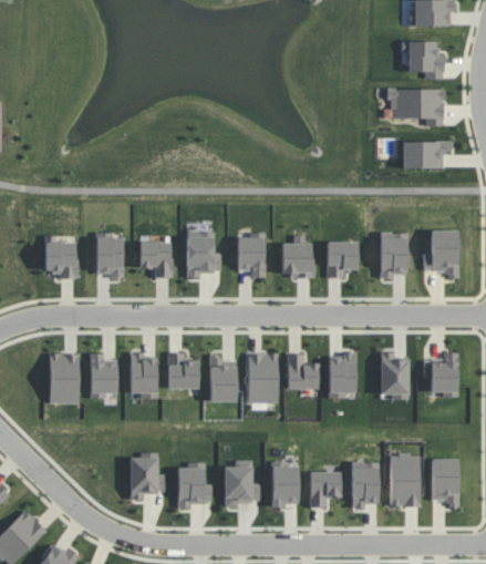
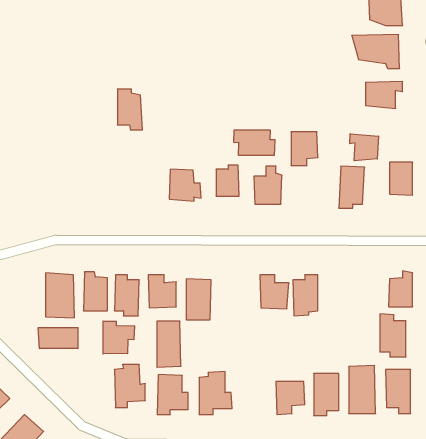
building: none -> [234,130,275,155]
building: none -> [350,134,378,161]
building: [100,232,127,277] -> [117,89,142,130]
building: [48,235,79,274] -> none
building: [331,242,361,279] -> [291,132,318,166]
building: [142,243,175,278] -> none
building: [254,352,280,403] -> [157,321,181,367]
building: [379,353,407,401] -> [380,314,406,357]
building: none -> [103,321,134,354]
building: none -> [38,328,78,349]
building: [270,463,298,507] -> none

